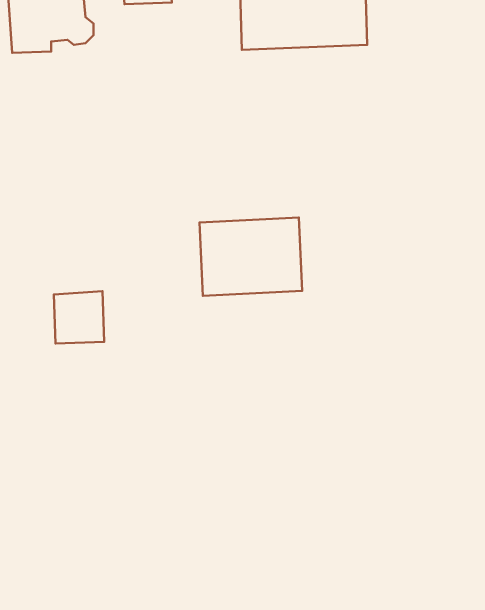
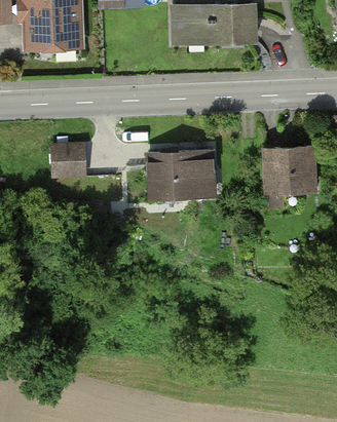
building: none -> [266,146,314,192]
building: [54,291,104,343] -> [53,144,85,177]

